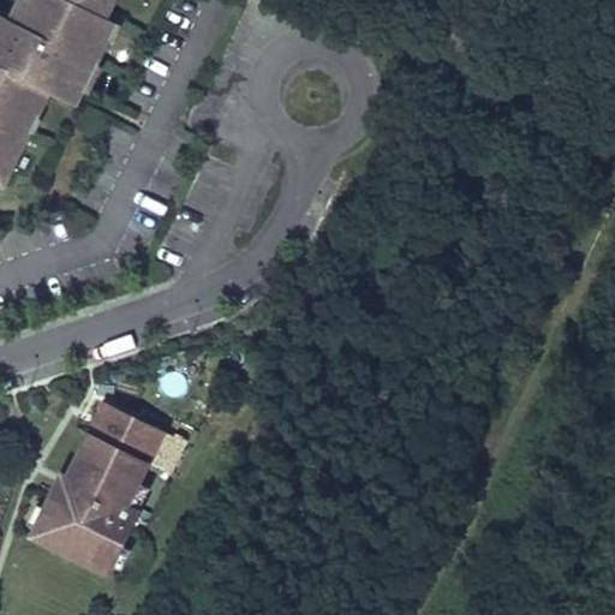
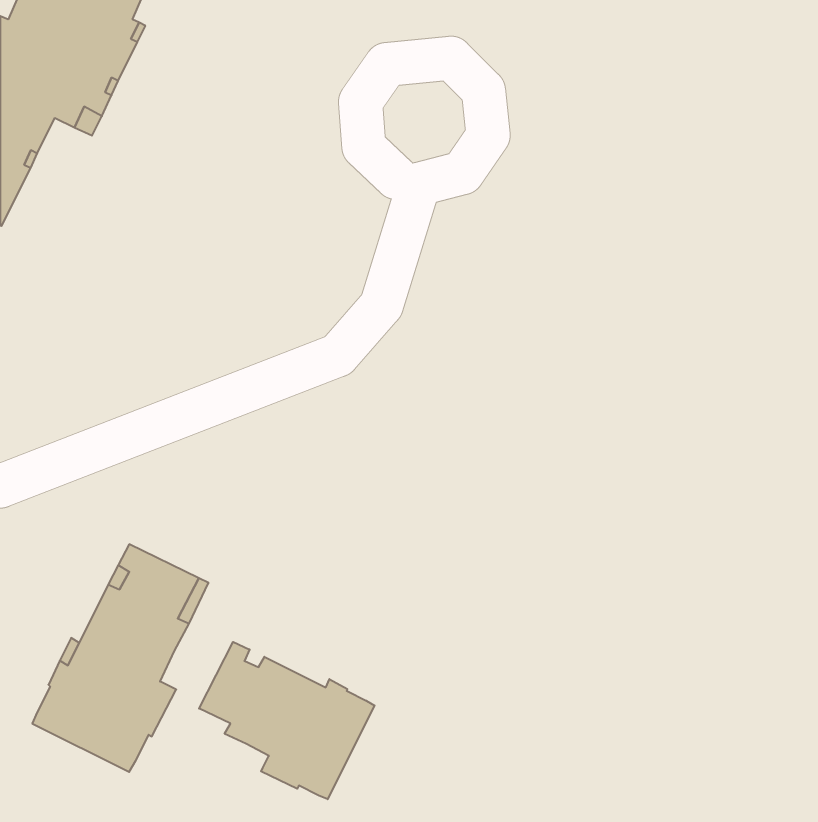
building: none -> [199,642,375,799]

